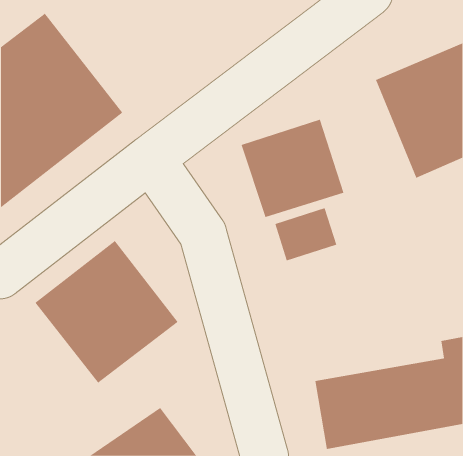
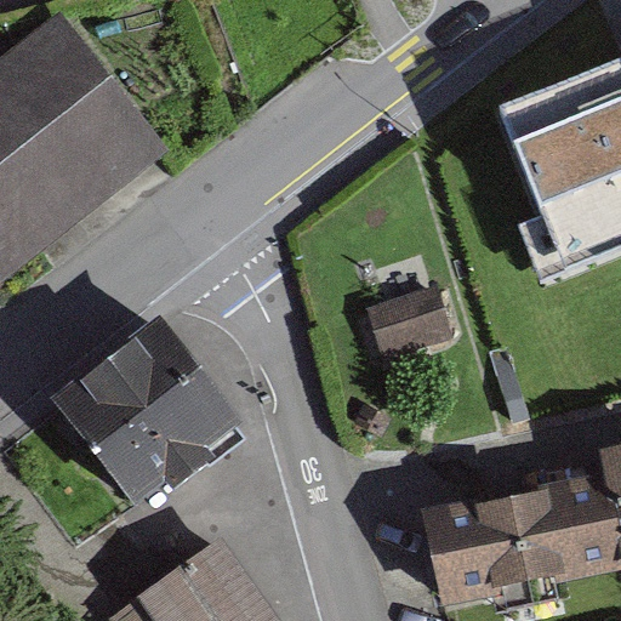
building: [241,119,344,218] -> none

